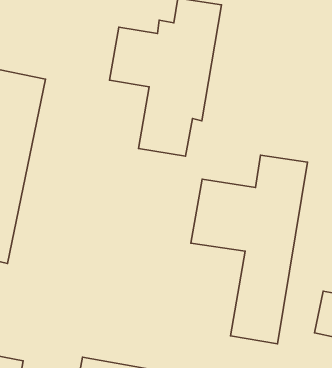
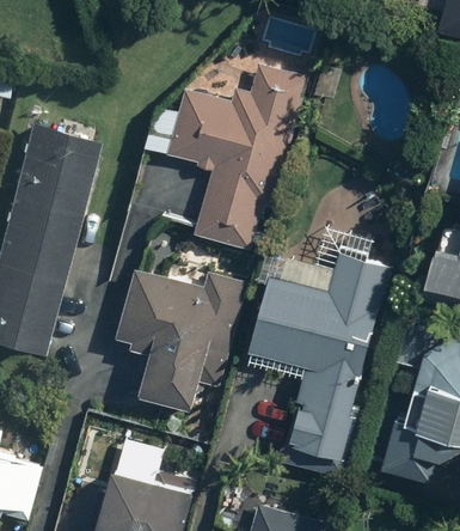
building: none -> [116,269,246,409]

